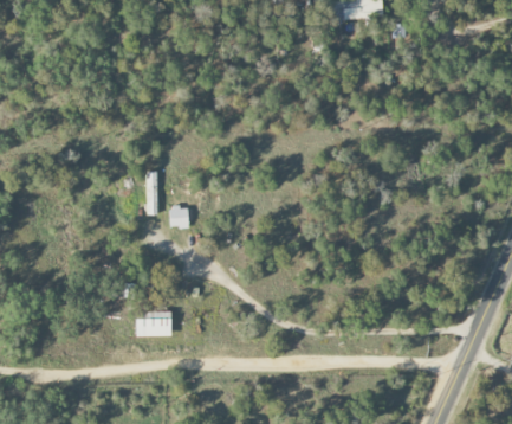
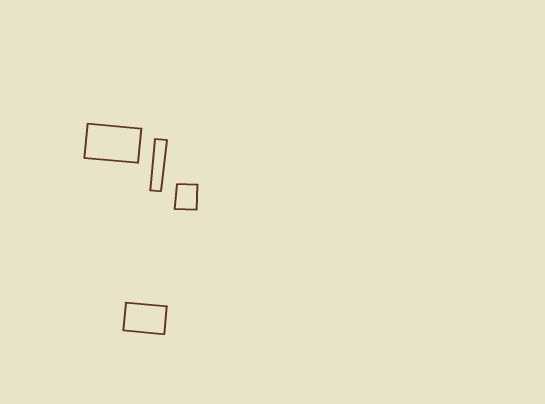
building: none -> [85,124,141,163]

